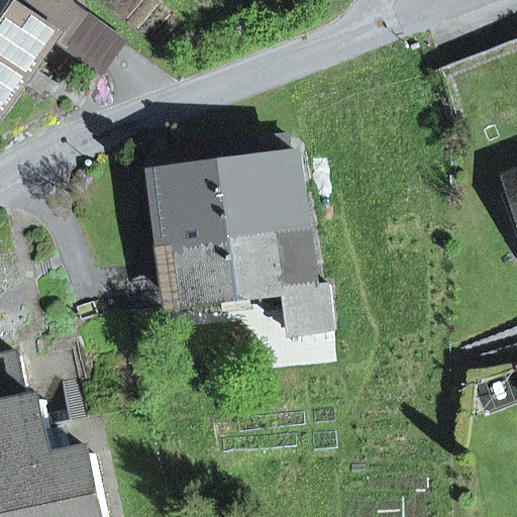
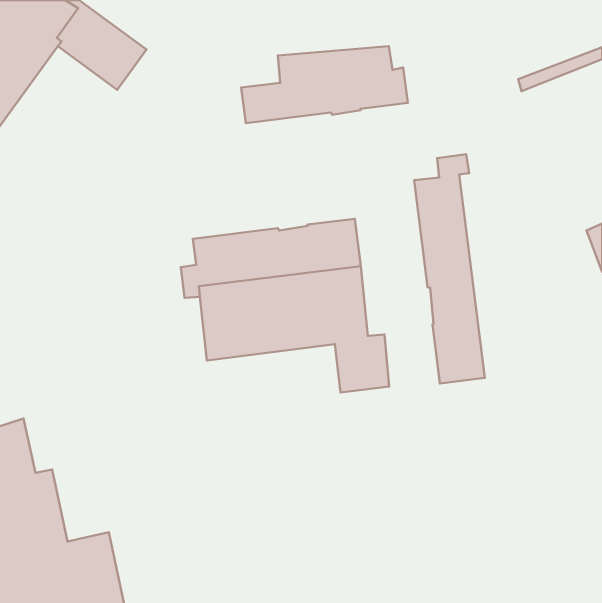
building: none -> [414,154,485,383]
building: [161,139,303,205] -> [241,46,408,123]

